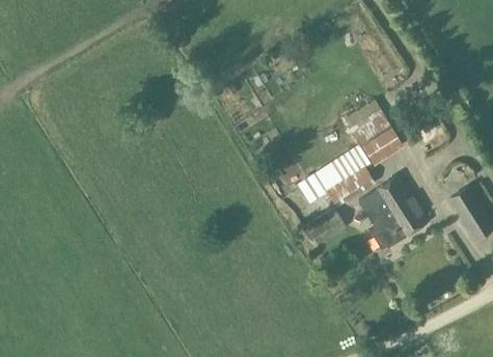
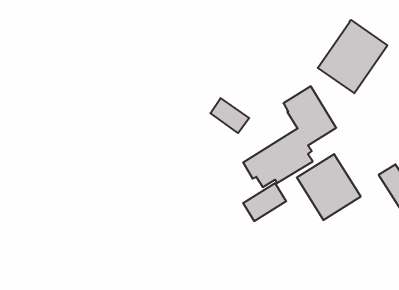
building: none -> [318,20,387,93]
building: none -> [210,98,249,133]

